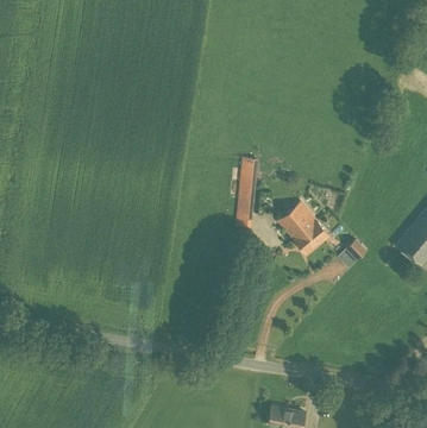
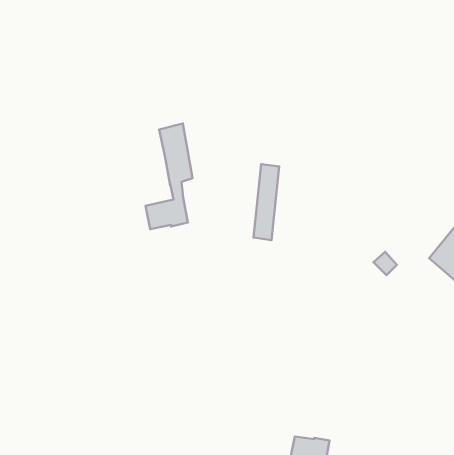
building: none -> [145,124,193,229]
building: [278,202,329,256] -> none

